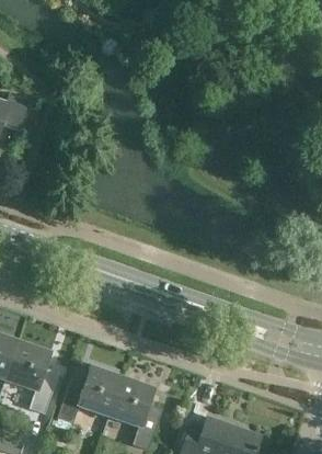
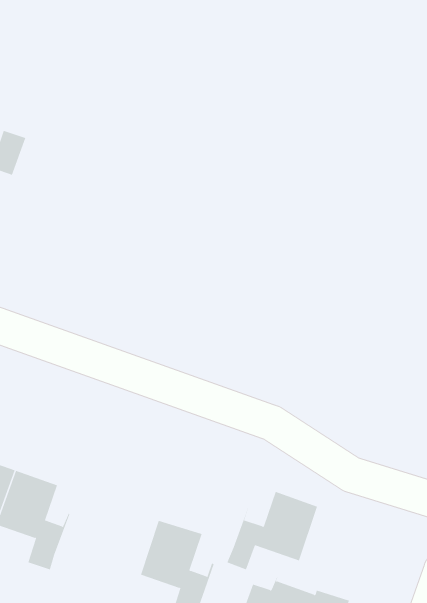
building: [57,366,123,423] -> [227,491,318,570]

